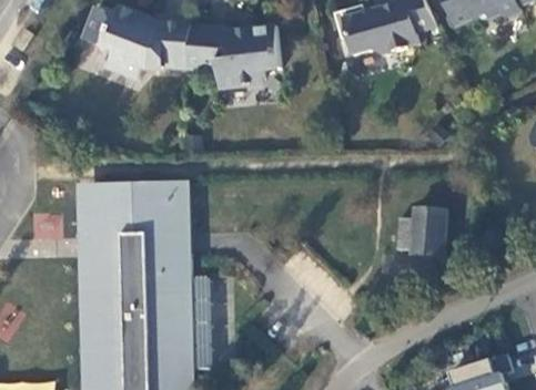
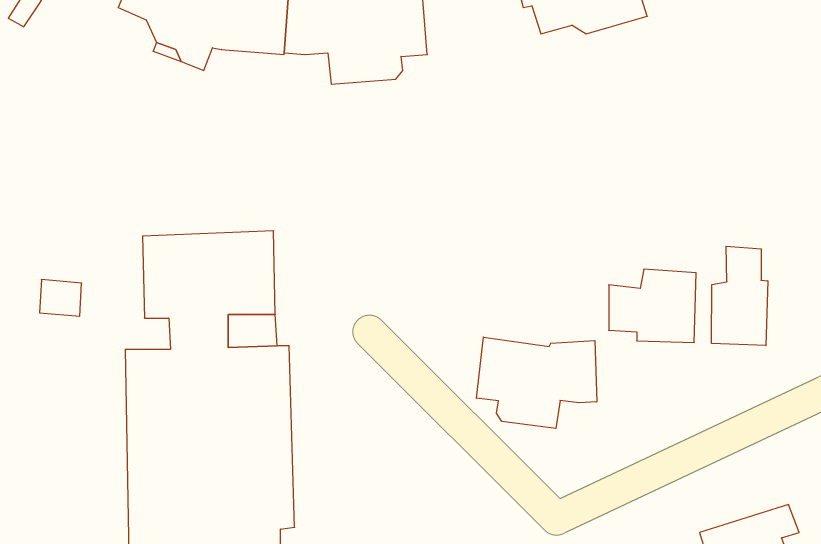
building: [84,183,115,256] -> none
building: none -> [712,246,768,346]
building: none -> [476,337,597,428]

